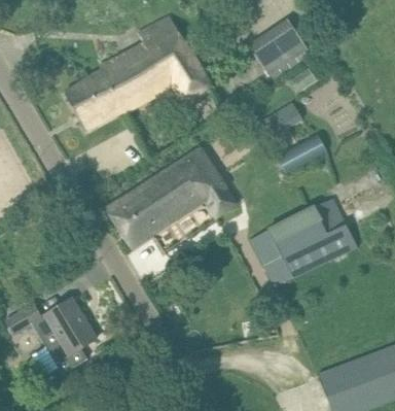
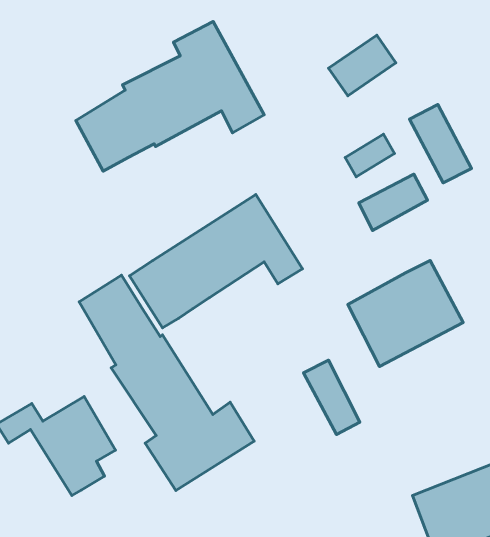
building: none -> [410,105,472,183]
building: none -> [79,275,254,490]
building: [251,230,293,285] -> [304,360,360,435]

